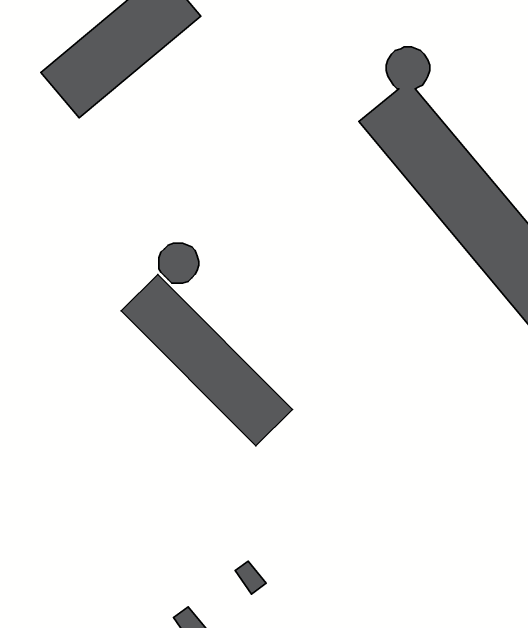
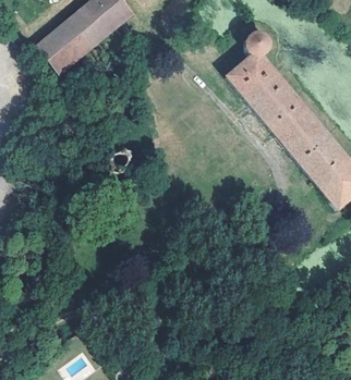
building: [121,274,293,446] -> none

